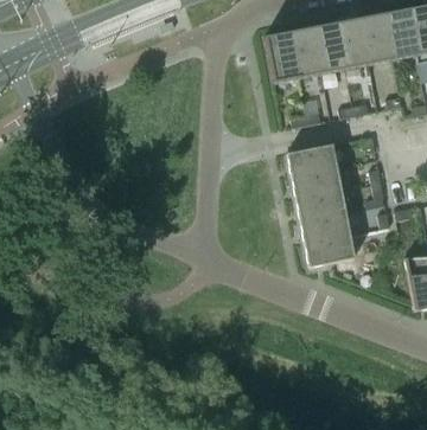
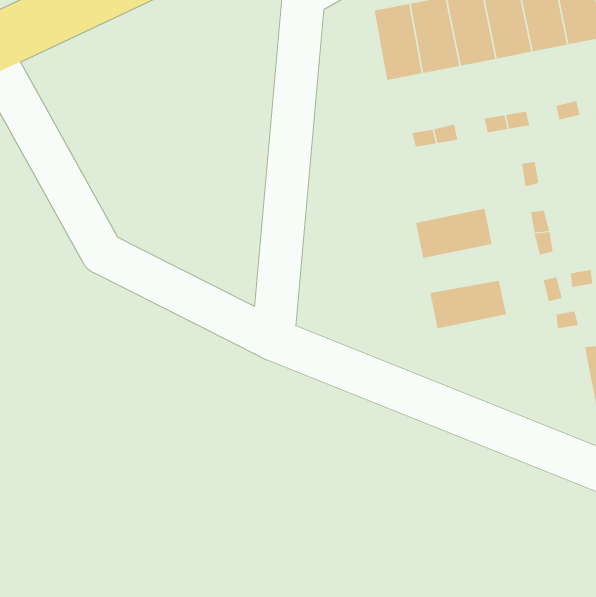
building: [288,143,339,175] -> none
building: [298,190,349,222] -> none
building: [307,236,357,268] -> none

